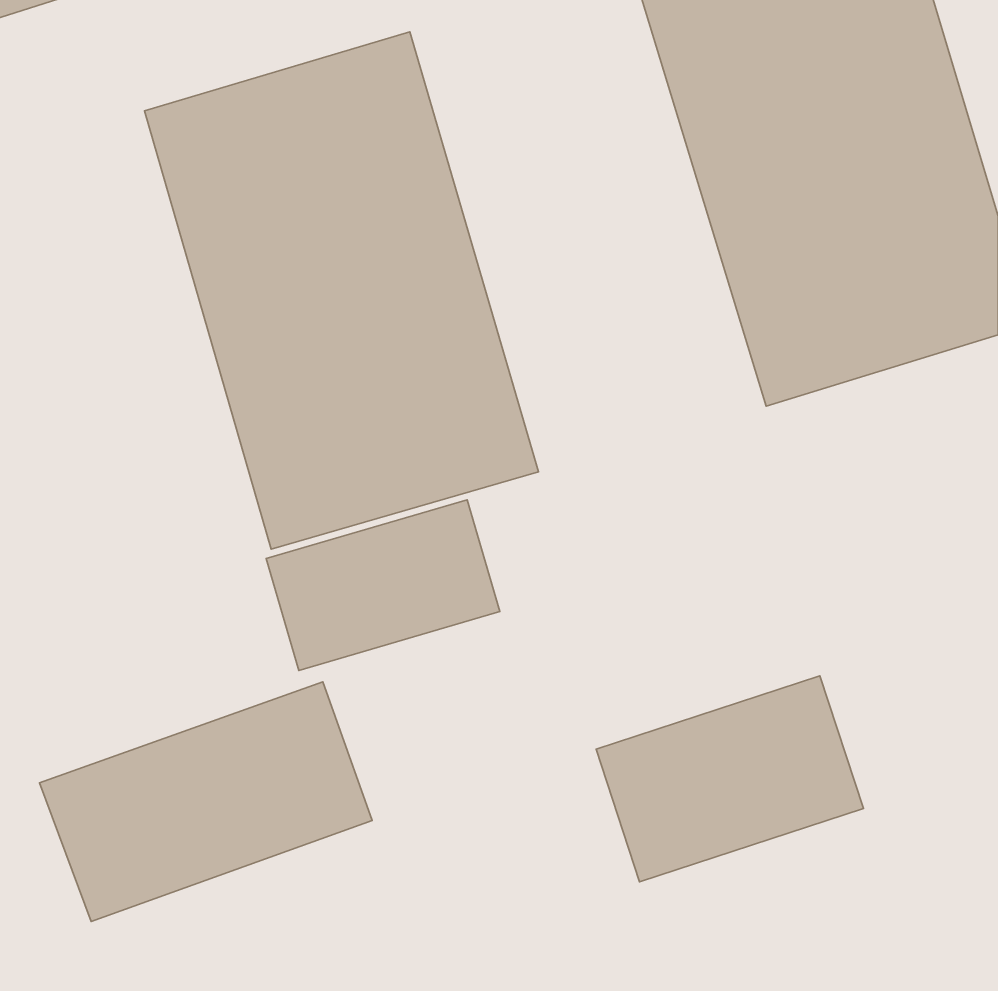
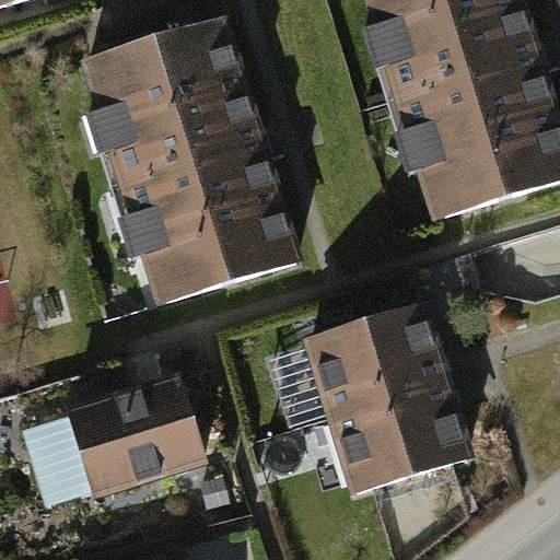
building: [266,500,500,671] -> none
building: none -> [304,300,453,413]

